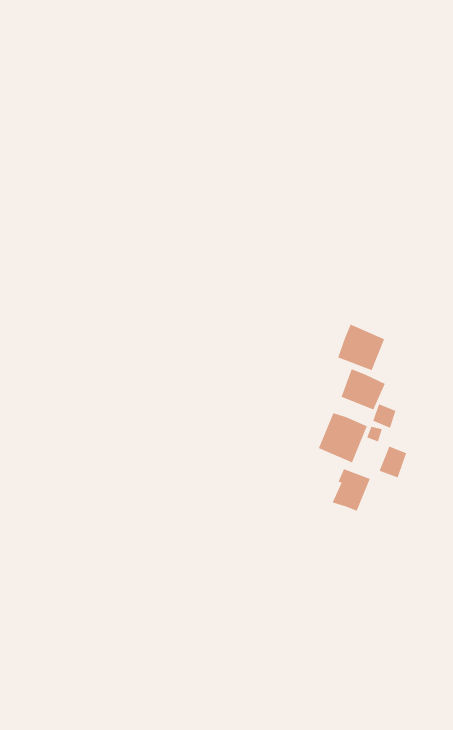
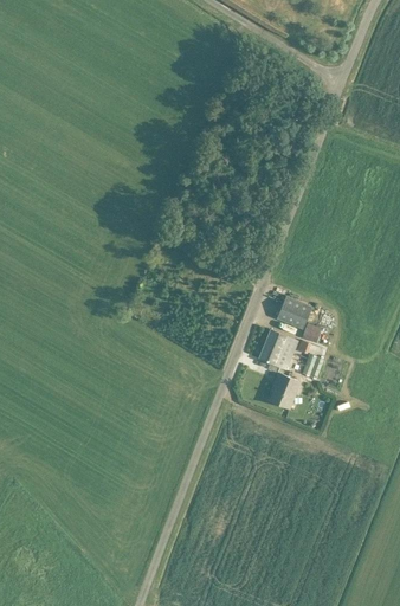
building: [337,323,385,371] -> none

